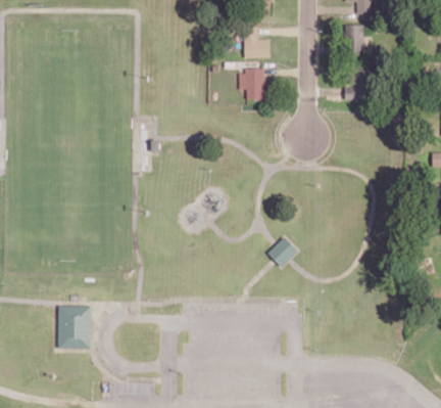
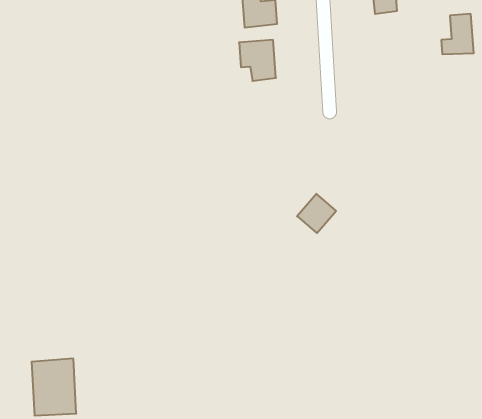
building: [345,69,370,99] -> [441,14,474,54]
building: [267,236,298,267] -> [297,194,336,233]

